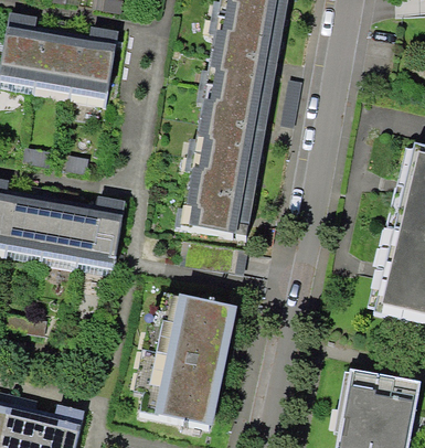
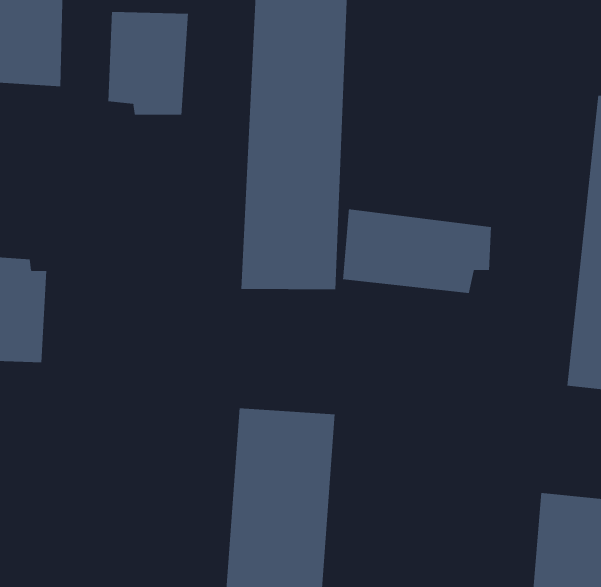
building: none -> [108,11,189,115]
building: none -> [343,208,491,294]
building: [73,198,121,263] -> none

